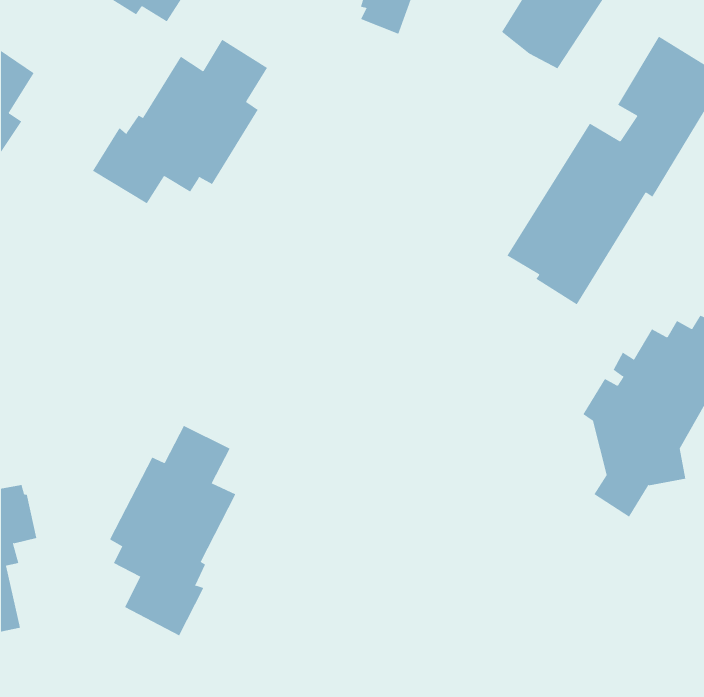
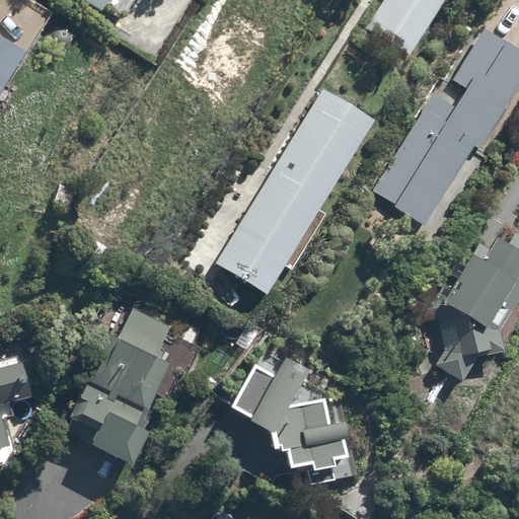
building: [92,39,268,204] -> none
building: none -> [215,87,374,294]
building: none -> [230,358,347,472]

